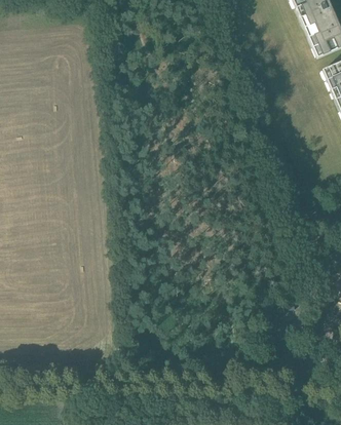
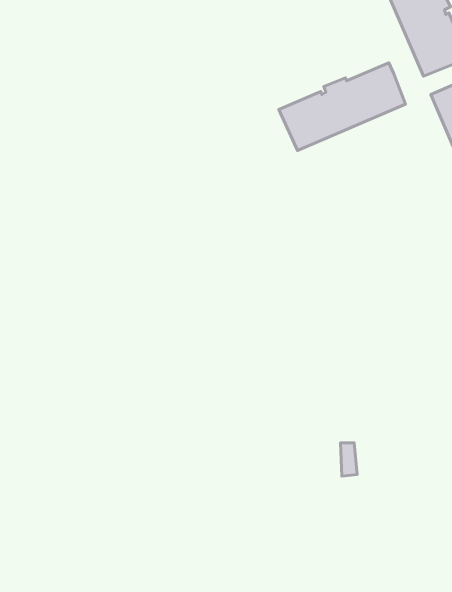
building: none -> [279,63,406,151]

